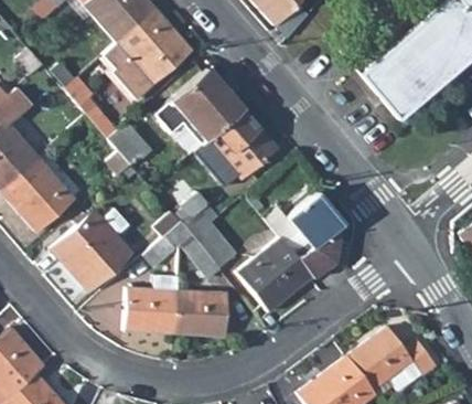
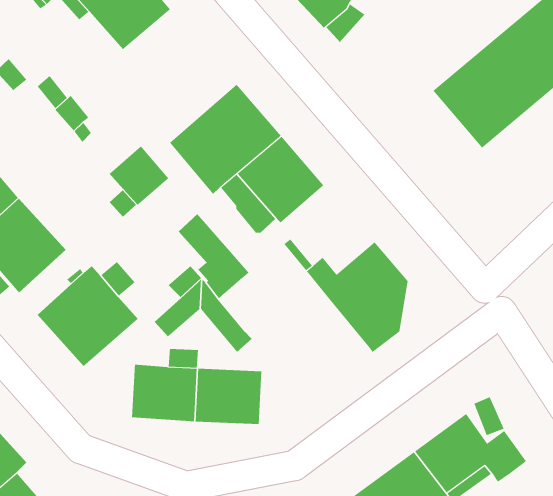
building: [105,10,193,100] -> none
building: [195,222,238,267] -> none
building: [238,237,313,311] -> none

